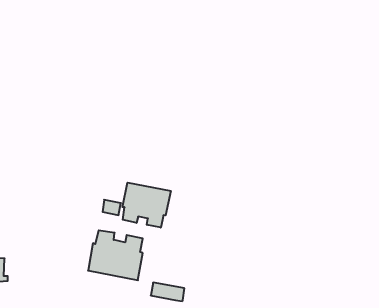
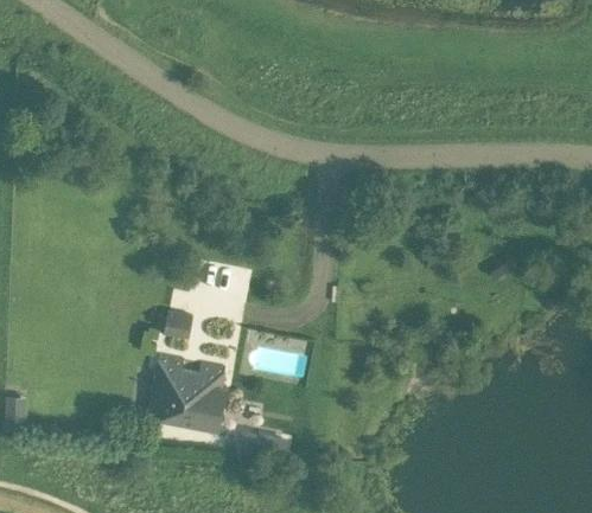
building: [122,183,171,228] -> none

